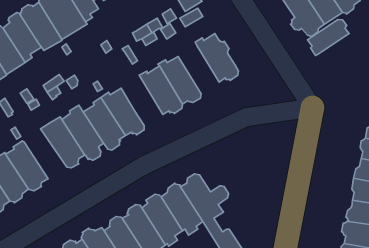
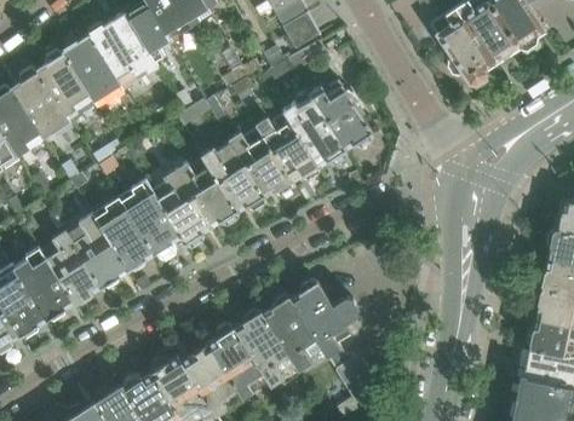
building: [307,20,349,55] -> none
building: none -> [286,97,346,166]
building: none -> [203,142,265,210]
building: none -> [68,215,128,288]

